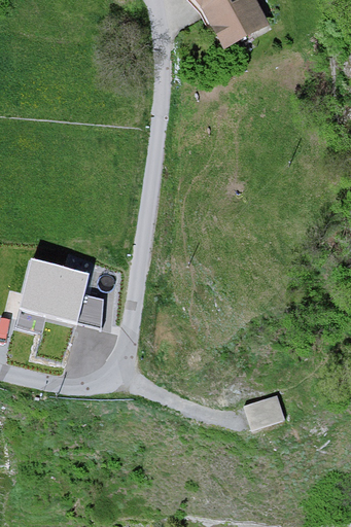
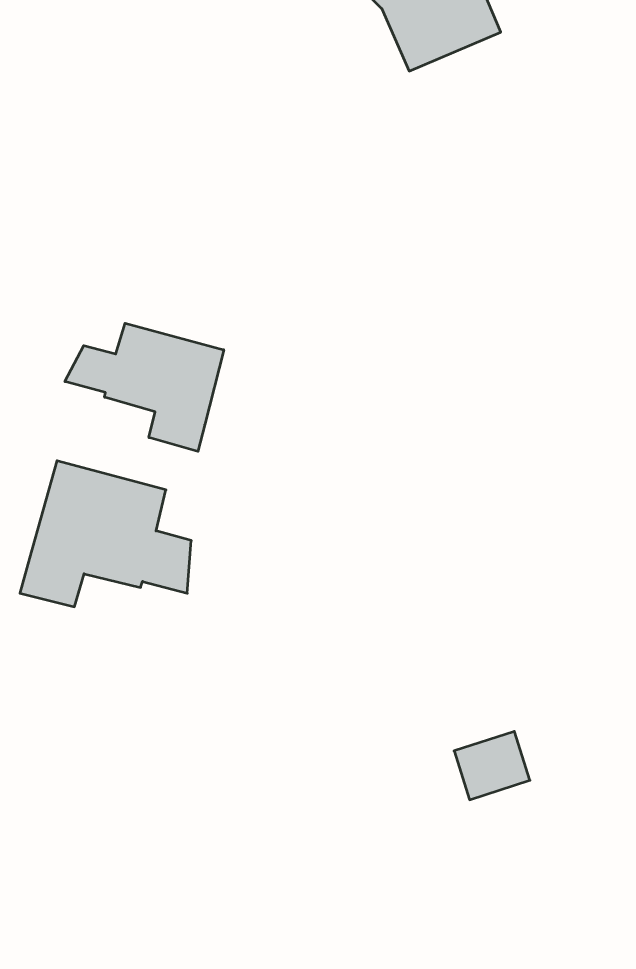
building: none -> [65,323,224,451]

